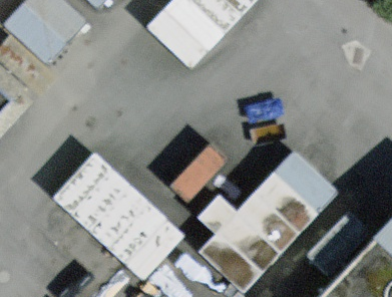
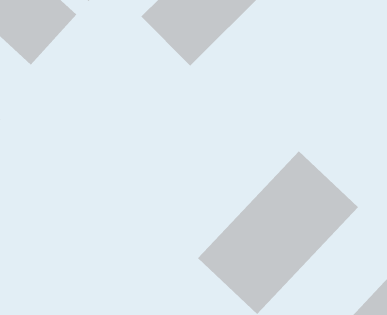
building: [52,151,184,281] -> none

